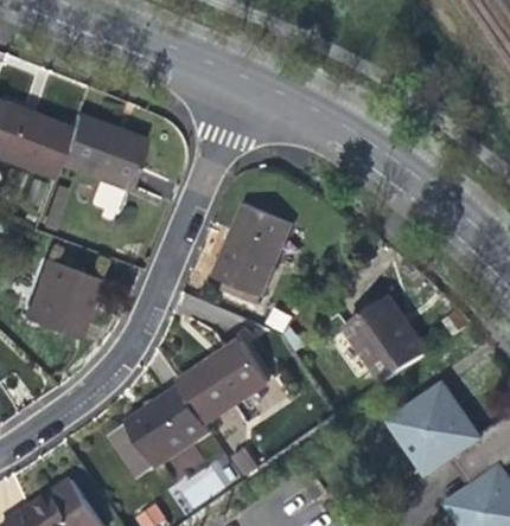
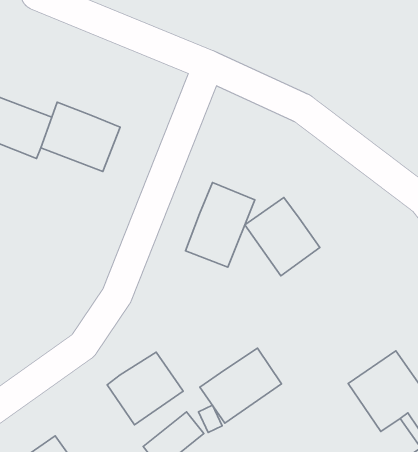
building: [18,259,93,339] -> none
building: [344,296,426,381] -> [245,198,320,276]
building: [179,340,268,422] -> [200,348,281,423]
building: [106,422,158,481] -> none

